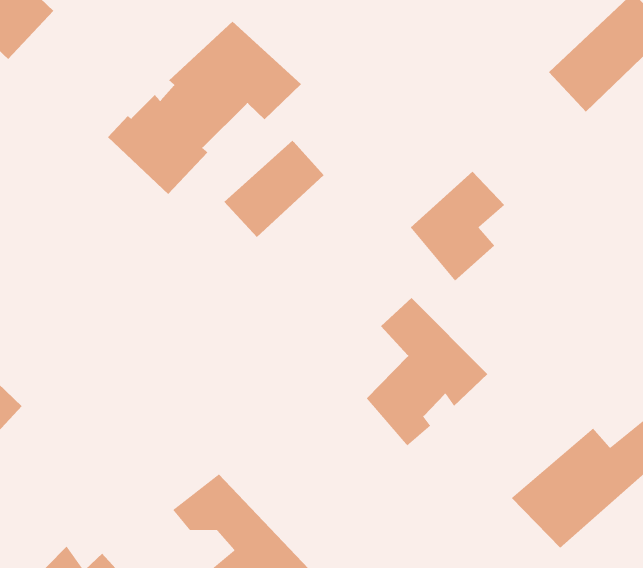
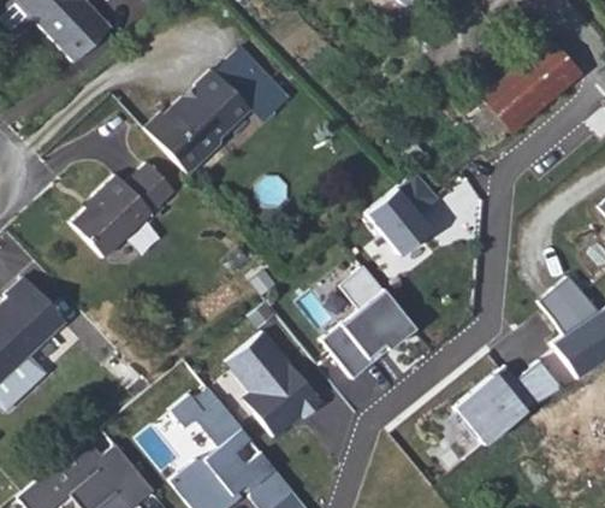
building: [224,140,324,238] -> none
building: none -> [71,164,176,258]
building: none -> [226,330,322,438]

